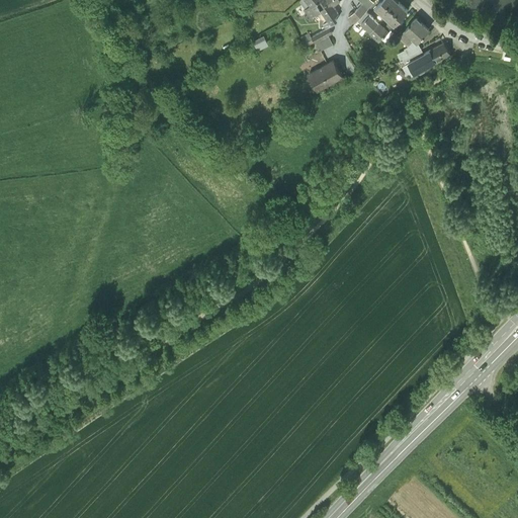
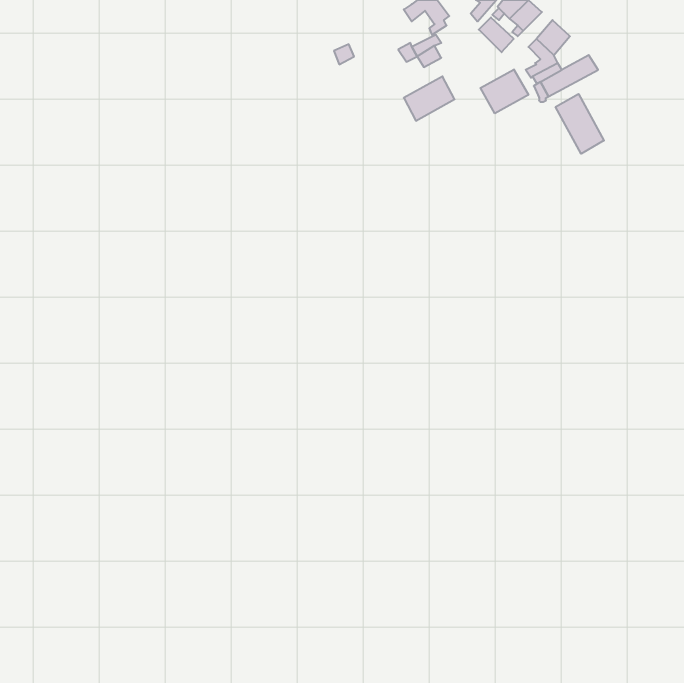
building: none -> [480,69,528,113]
building: none -> [556,94,604,154]

